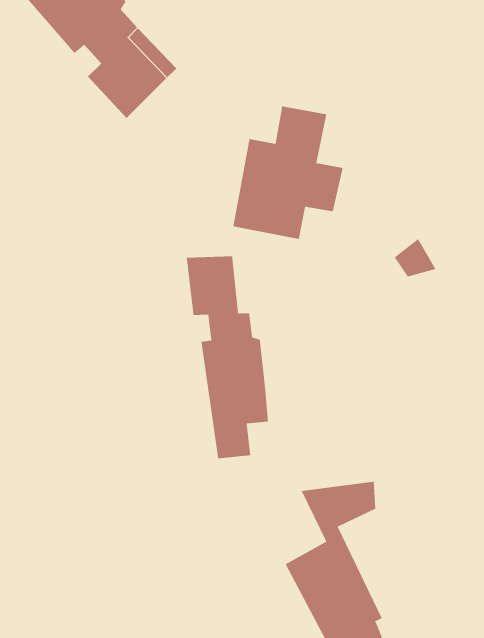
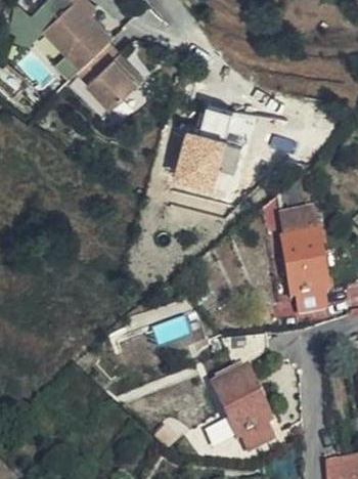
building: [186,255,268,459] -> none
building: none -> [262,199,326,312]

